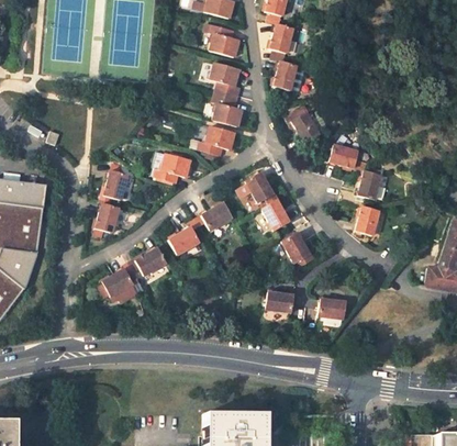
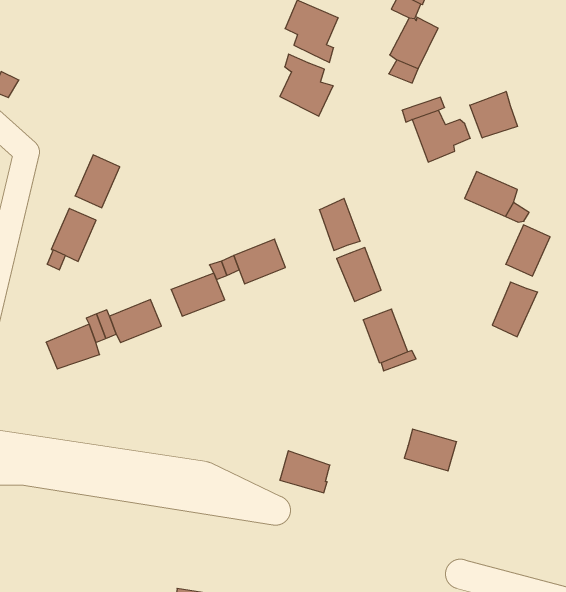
building: none -> [470,91,517,138]
building: [199,126,235,156] -> none
building: [154,152,191,183] -> none
building: [265,291,292,312] -> [280,451,330,493]

